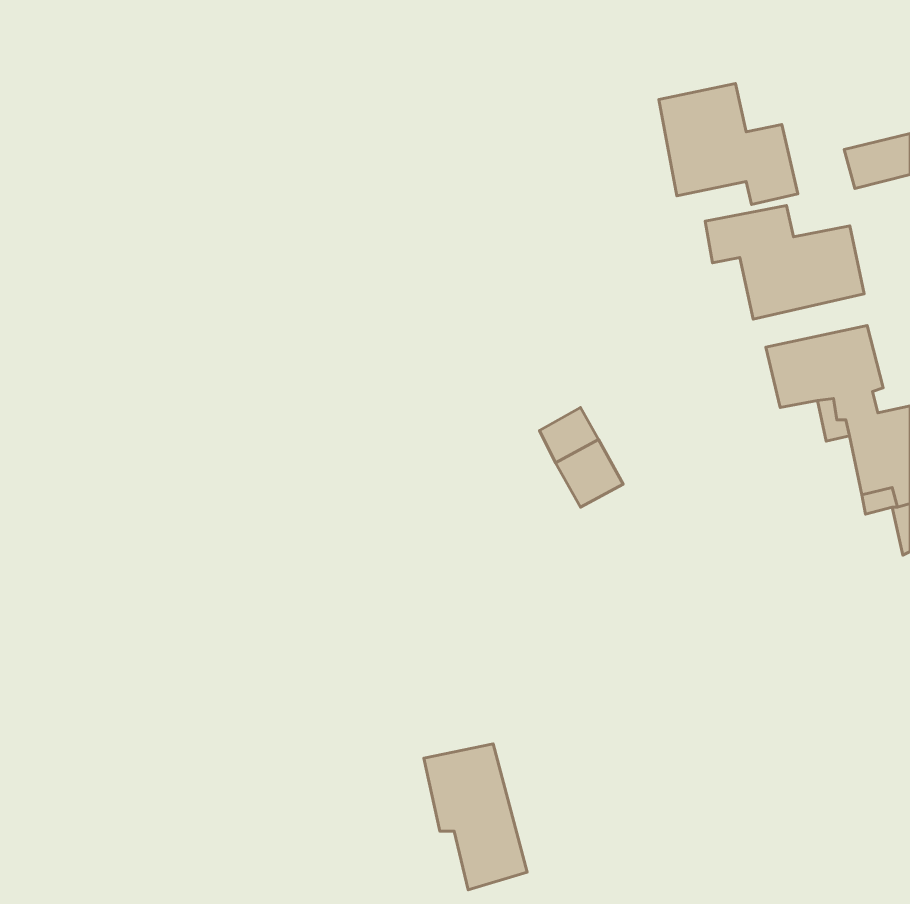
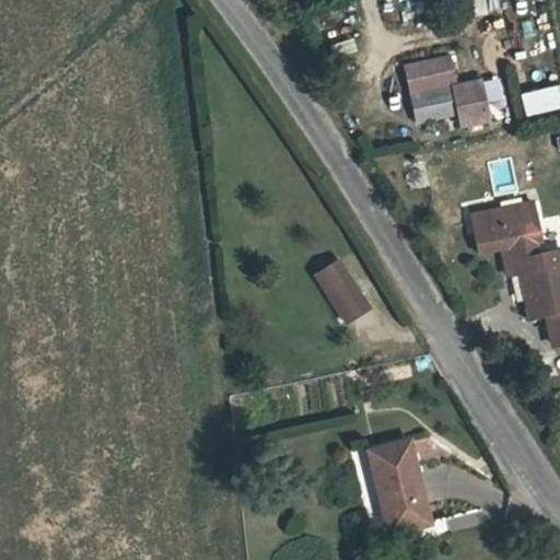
building: [705,205,864,319] -> none
building: [424,744,527,890] -> [366,436,430,526]

